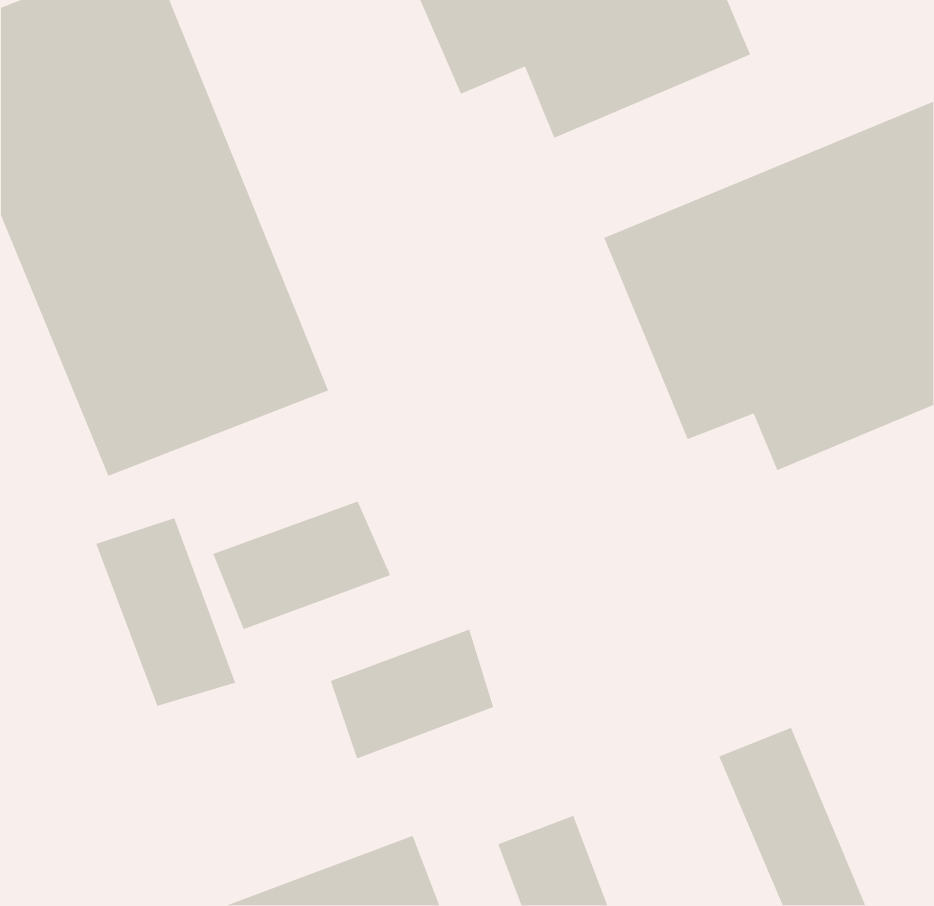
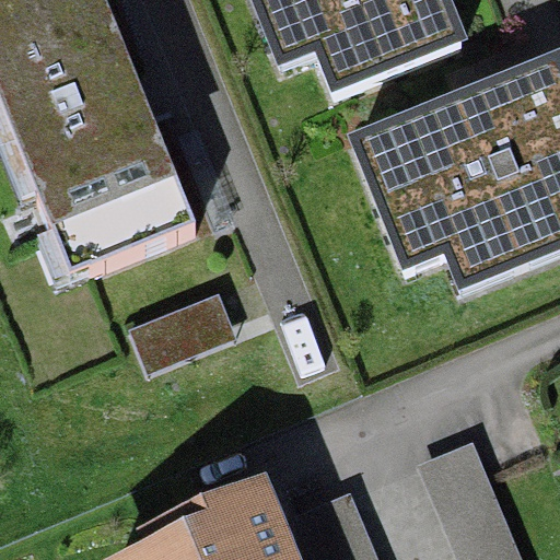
building: [95,517,236,707] -> none
building: [330,629,494,760] -> none

